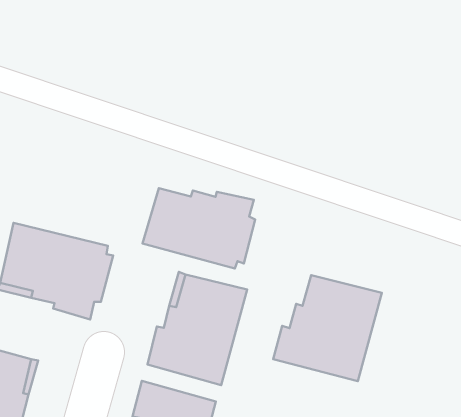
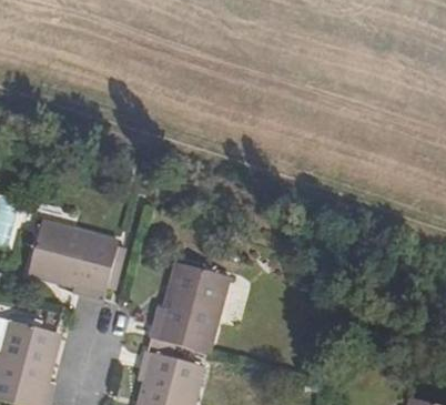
building: [142,188,255,269] -> none
building: [273,275,382,381] -> none

